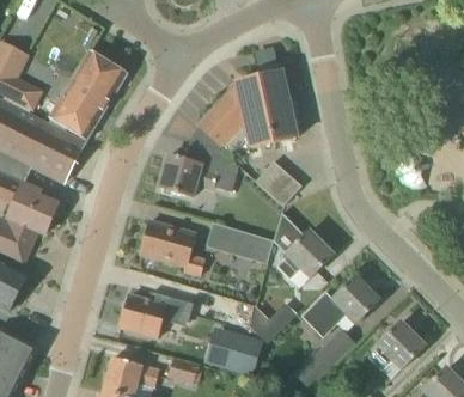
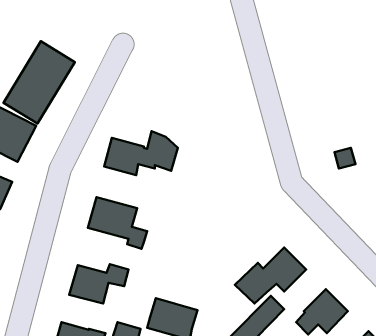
building: [196,63,298,153] -> none
building: [256,159,303,206] -> none
building: [206,221,274,263] -> none
building: [277,230,334,279] -> none
building: [250,303,295,342] -> none

